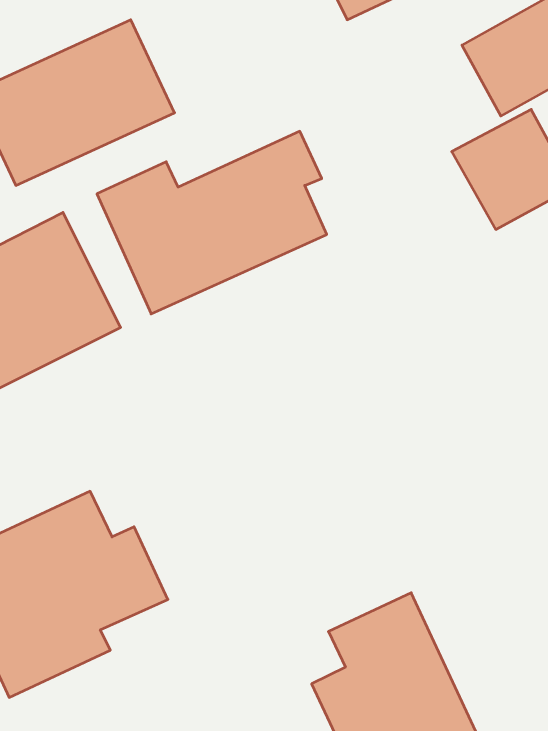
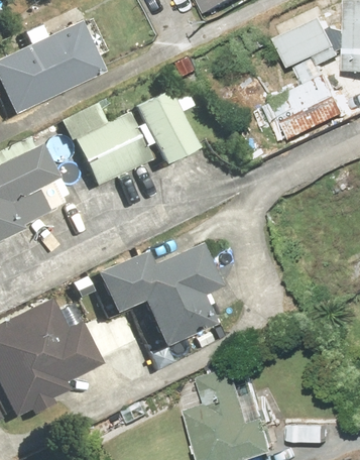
building: none -> [93,241,220,348]

